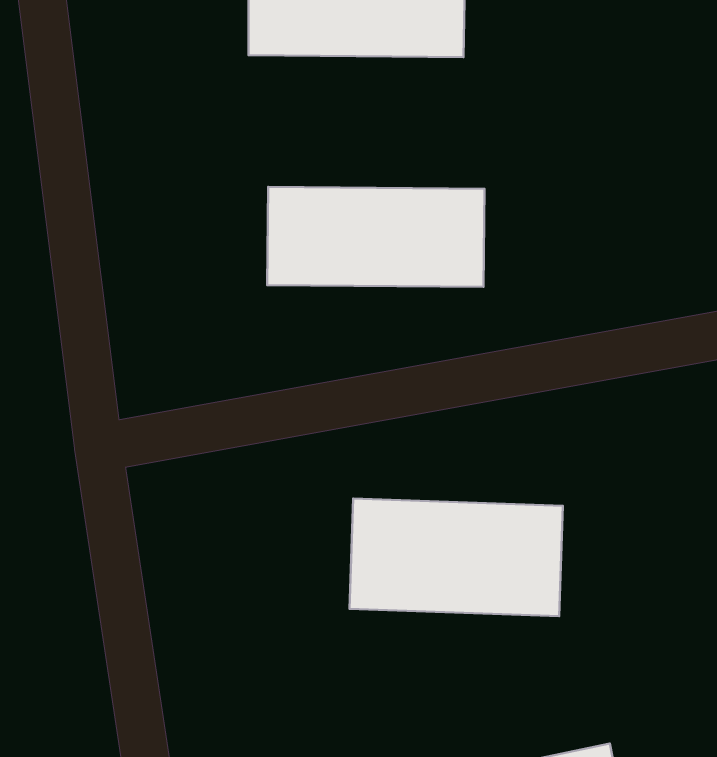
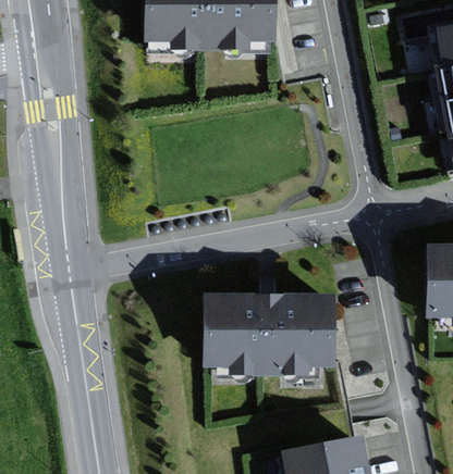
building: [267,187,485,287] -> none

